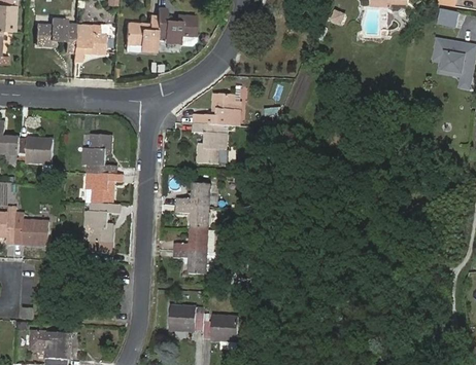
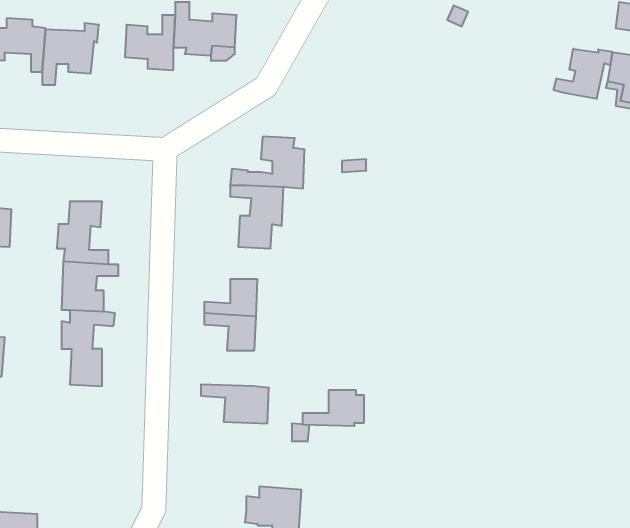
building: none -> [554,49,612,99]
building: [174,228,213,251] -> [303,390,364,426]
building: [169,305,204,331] -> none

